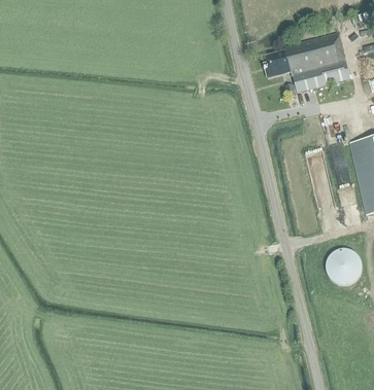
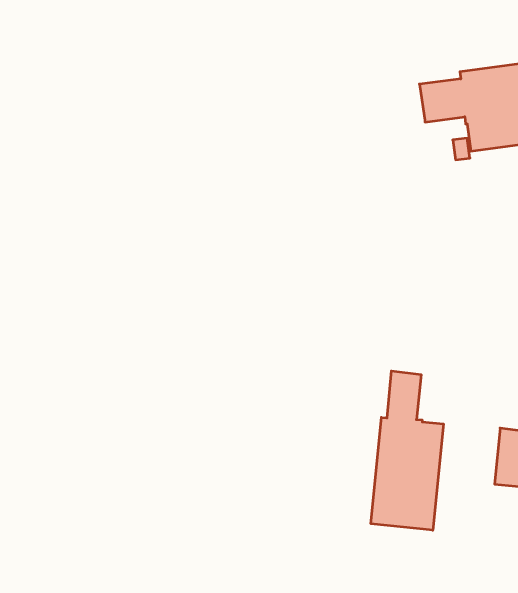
building: none -> [371,371,443,530]

